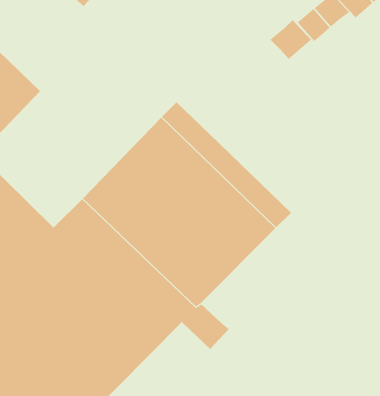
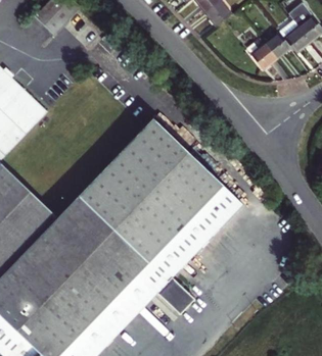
building: [270,19,312,60] -> none

